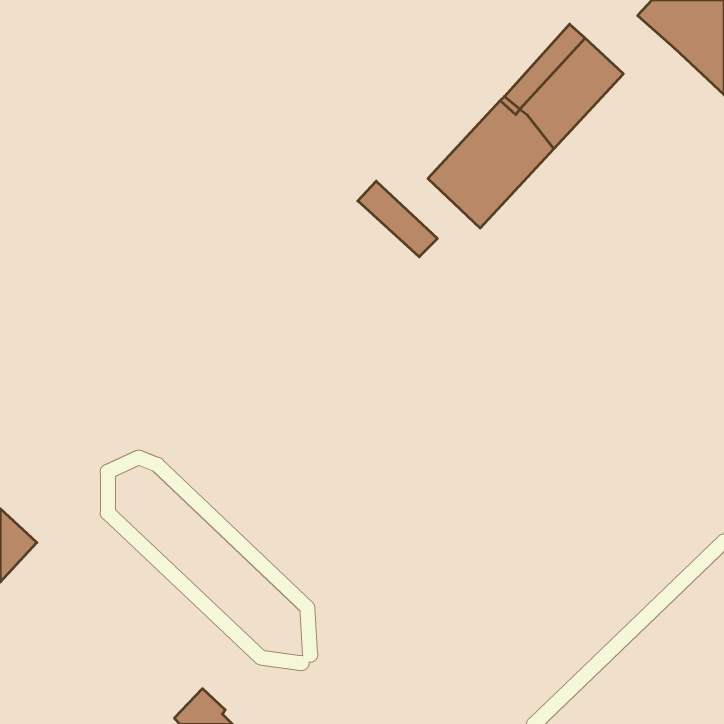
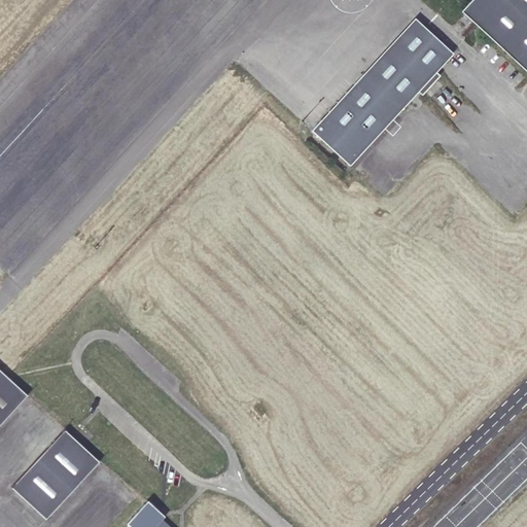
building: [358,181,437,257] -> none
building: none -> [11,429,99,519]

